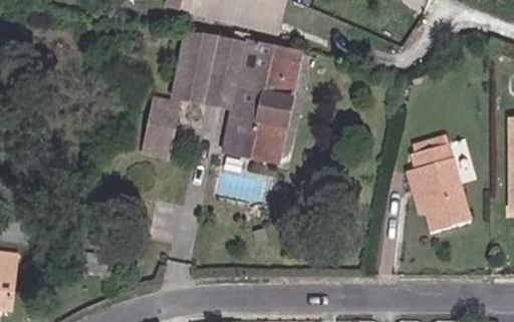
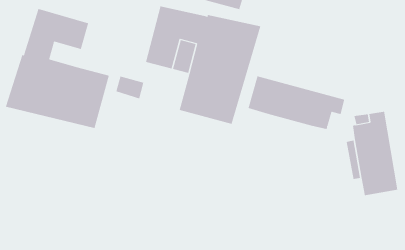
building: none -> [5,8,109,129]
building: none -> [248,76,345,130]

